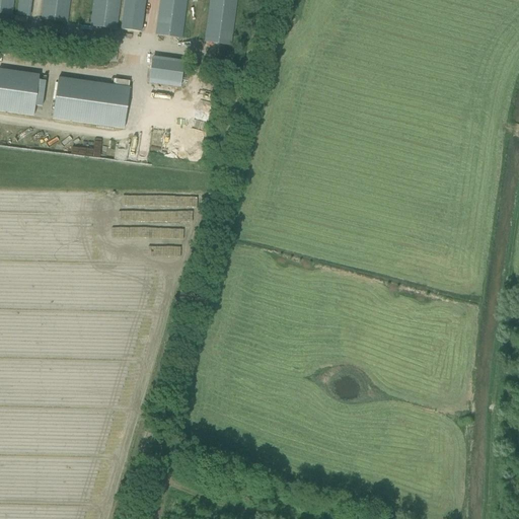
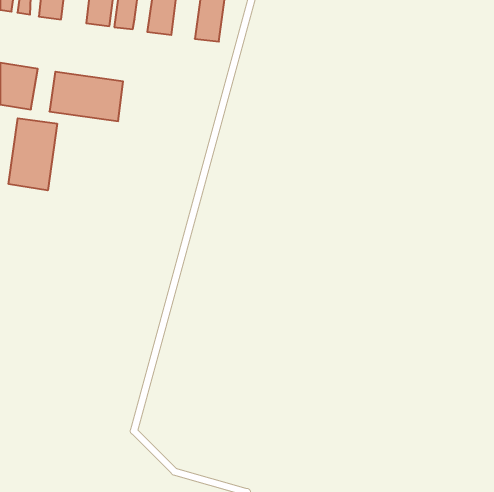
building: [150,55,183,85] -> none
building: none -> [9,118,57,190]

